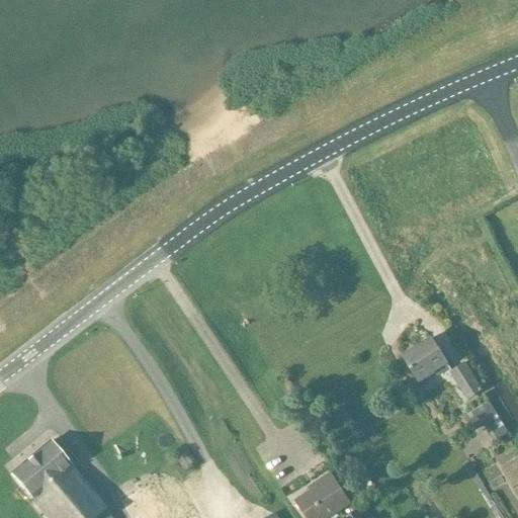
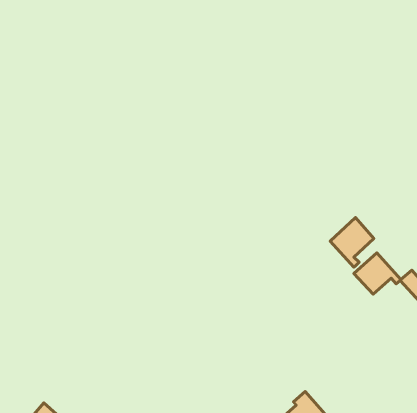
building: none -> [330,218,374,267]

